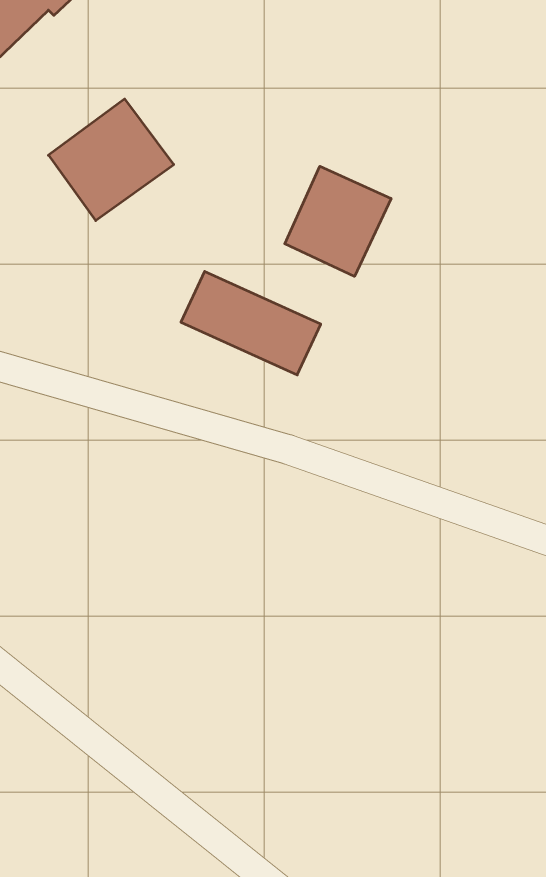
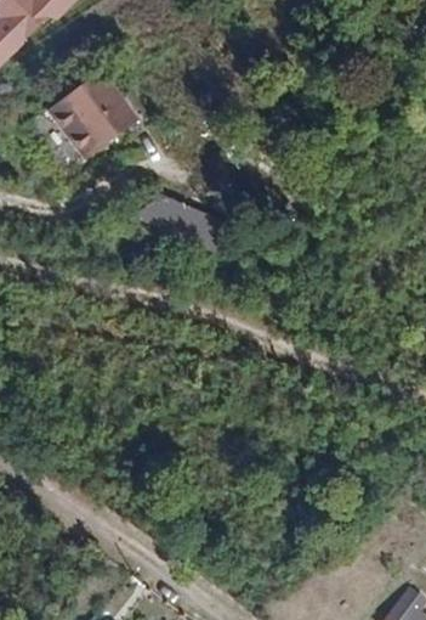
building: [285,166,391,276] -> none

